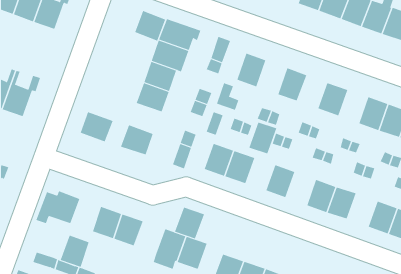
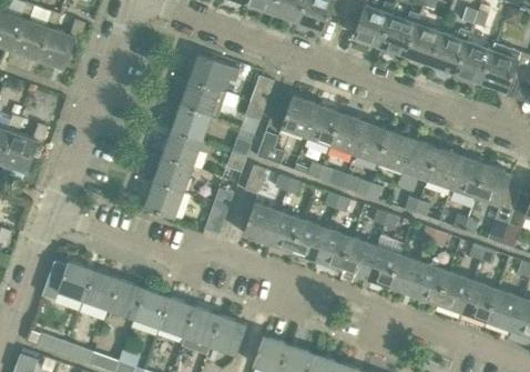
building: [135,10,166,42] -> none
building: none -> [306,105,342,147]
building: none -> [354,123,389,163]
building: none -> [404,141,438,181]
building: [80,112,113,142] -> [153,157,193,193]
building: [248,122,277,154] -> [293,222,327,261]
building: none -> [340,239,376,279]
building: none -> [414,264,449,304]
building: [174,207,205,239] -> [160,298,196,336]
building: [60,235,90,267] -> [84,271,120,310]

